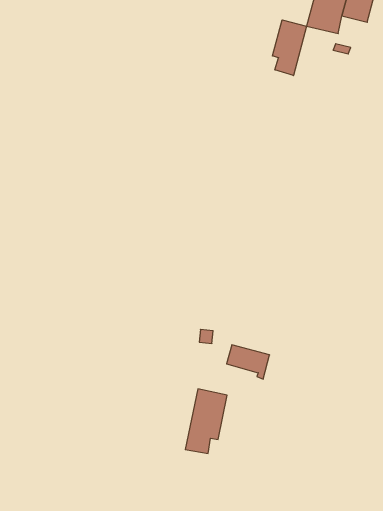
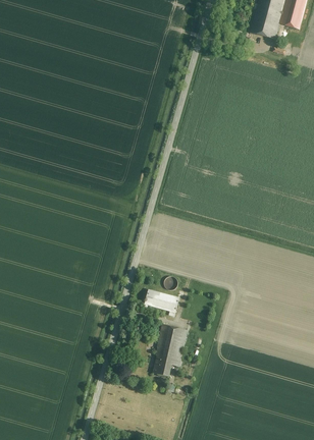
building: [272,20,307,76] -> none
building: [227,345,270,379] -> [144,289,178,317]

